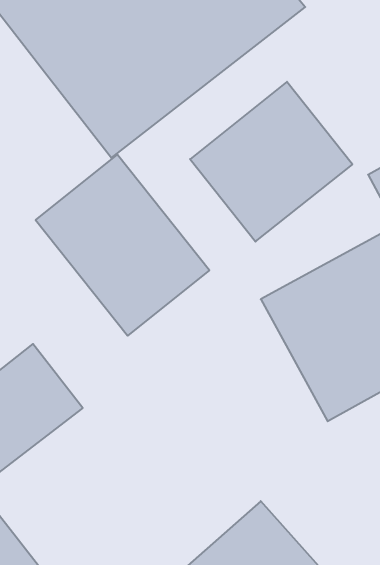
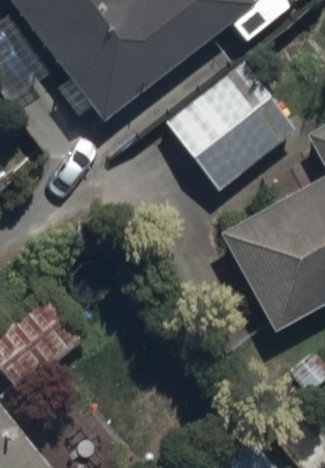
building: [36,155,209,336] -> none

